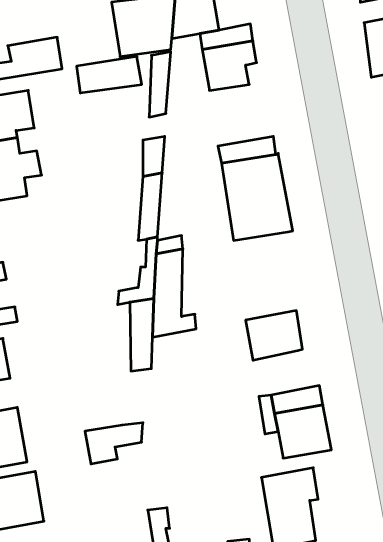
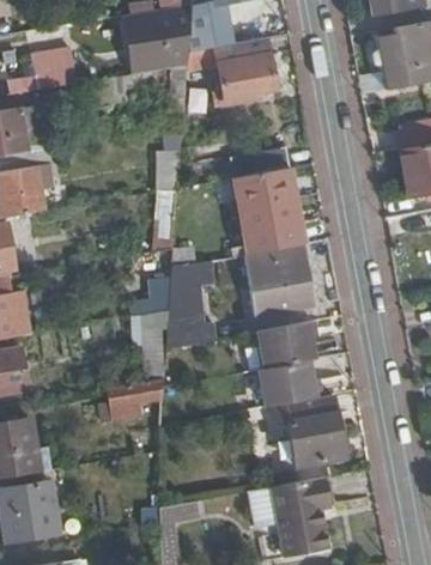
building: none -> [244,244,312,317]
building: none -> [260,362,317,406]
building: [85,423,143,464] -> [108,379,165,420]

